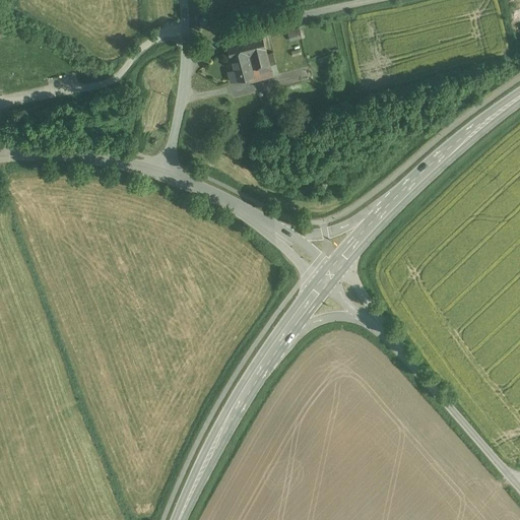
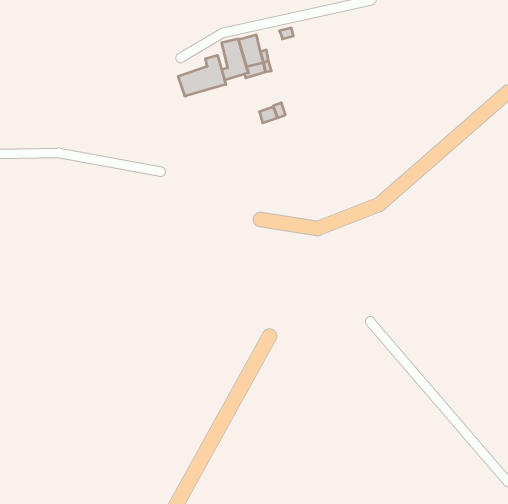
building: none -> [178,55,226,96]

